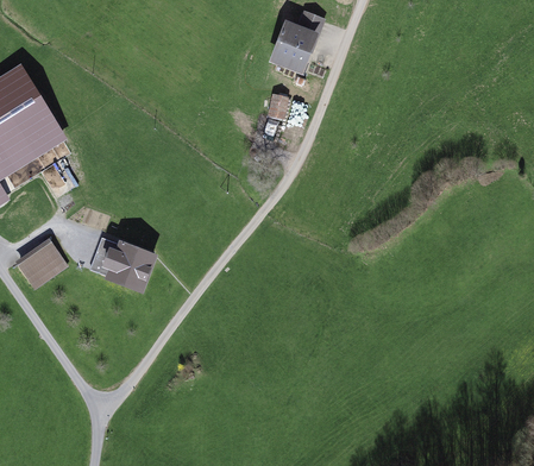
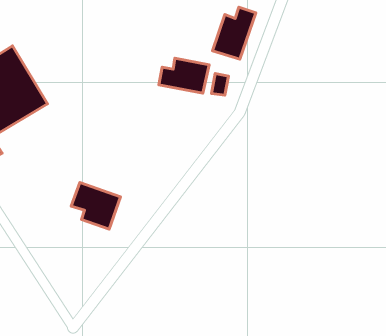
building: none -> [159,58,209,93]
building: [17,243,63,285] -> none

